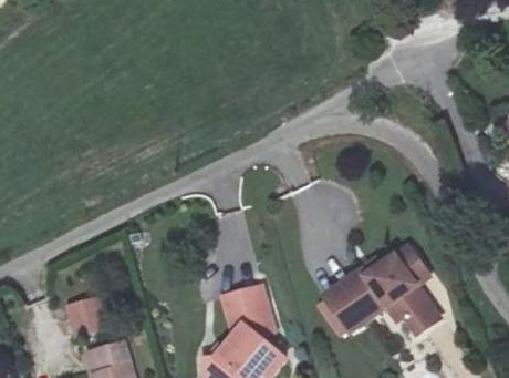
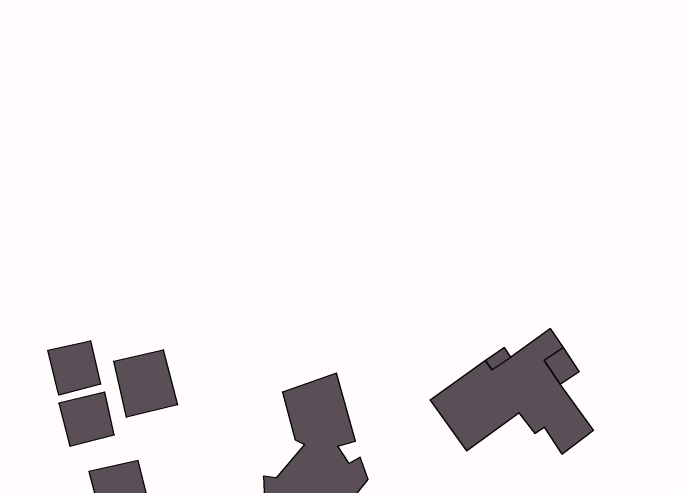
building: none -> [48,341,101,395]
building: none -> [114,350,177,417]

